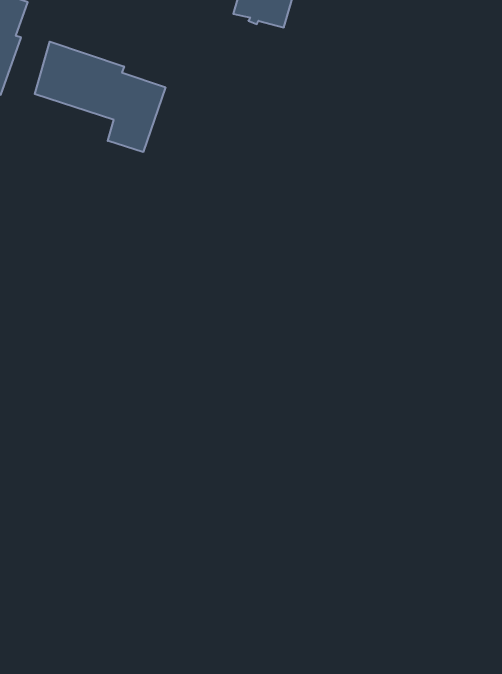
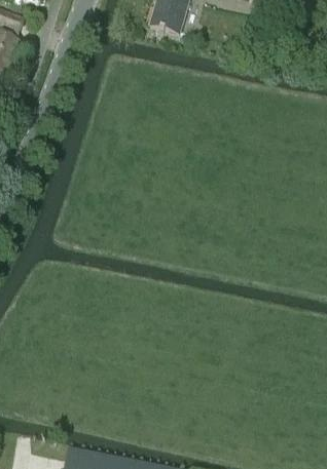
building: [35,42,165,152] -> none

